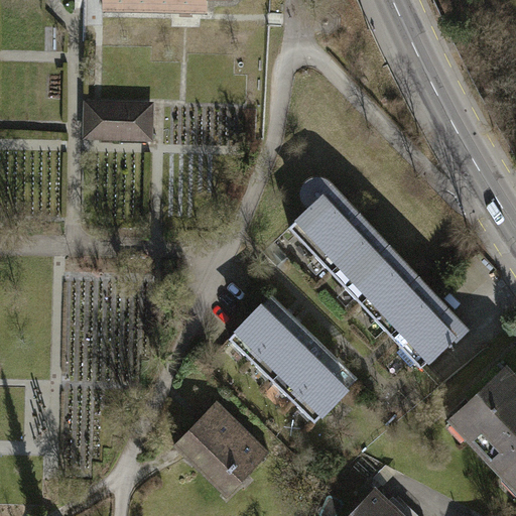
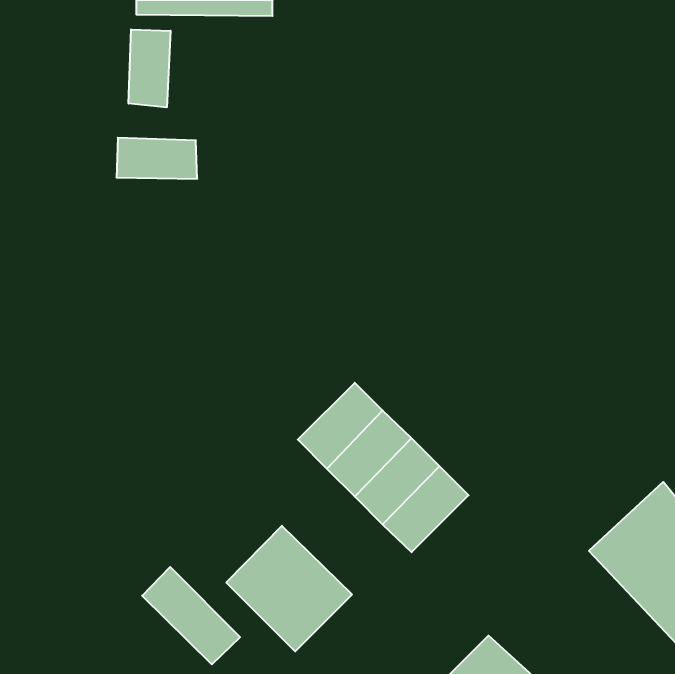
building: none -> [129,29,171,107]
building: [288,170,472,370] -> none
building: none -> [142,567,240,664]

